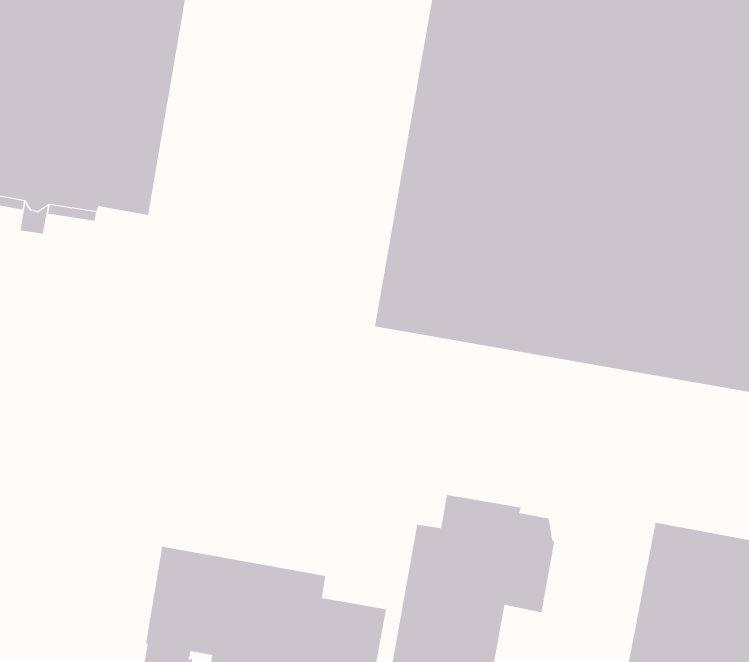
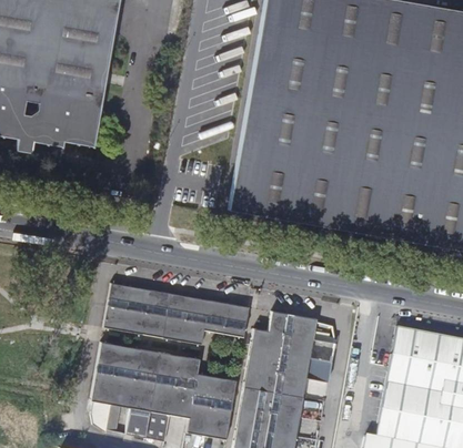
building: none -> [103,283,249,345]

